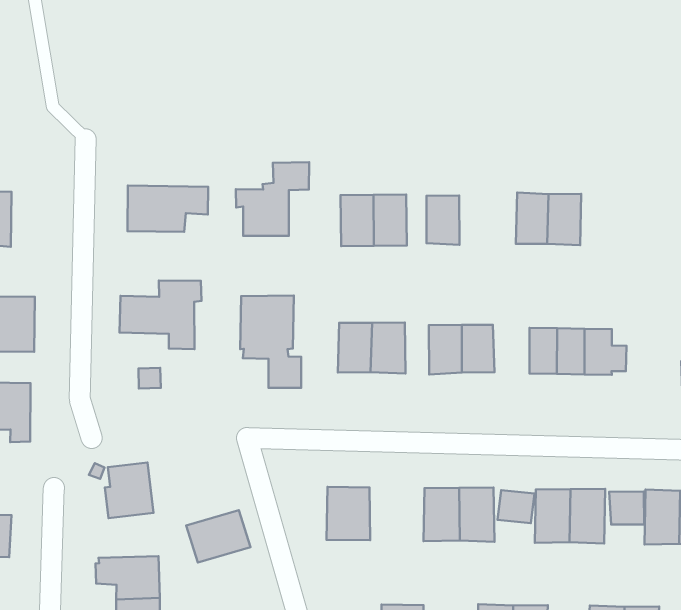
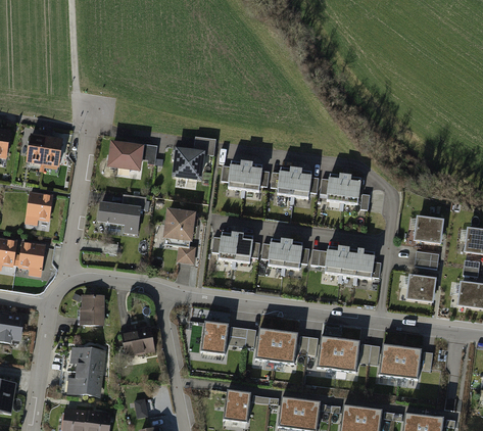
building: none -> [42,136,62,169]
building: none -> [293,167,316,197]
building: none -> [228,327,256,348]

